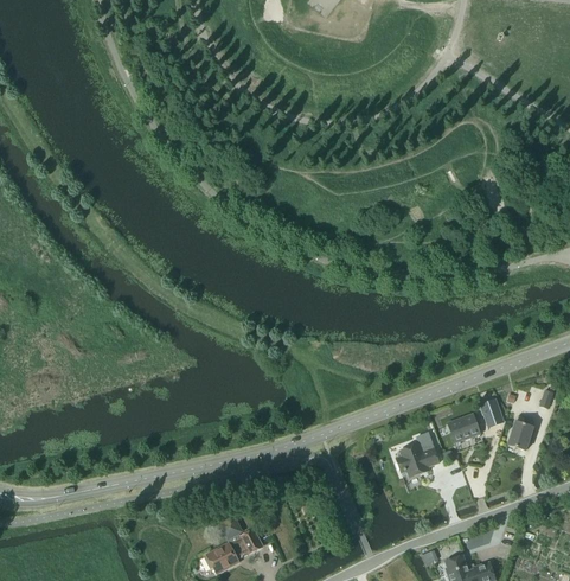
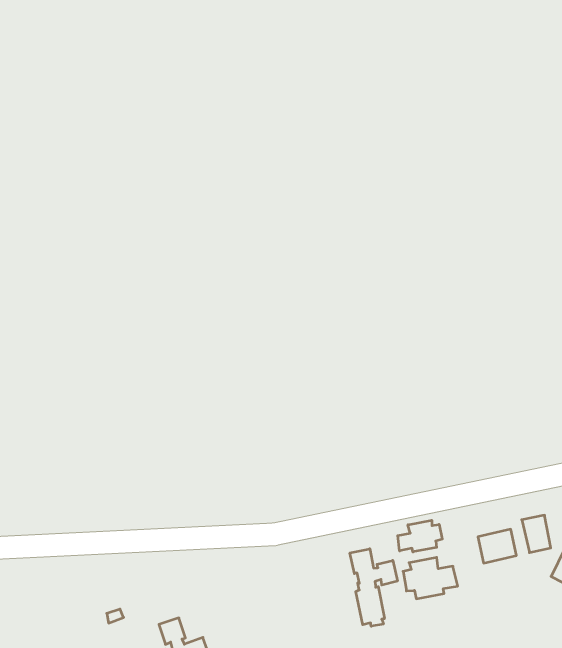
building: none -> [398,520,442,552]
building: none -> [350,549,397,626]

